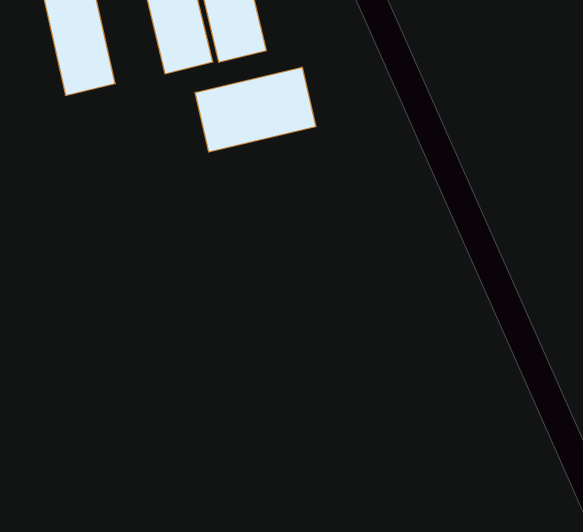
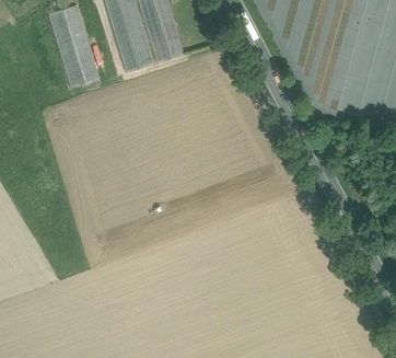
building: [195,67,316,152] -> none

